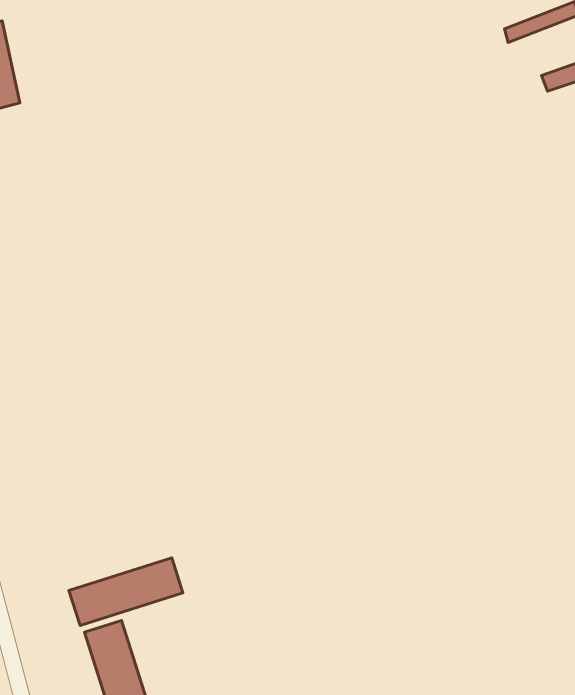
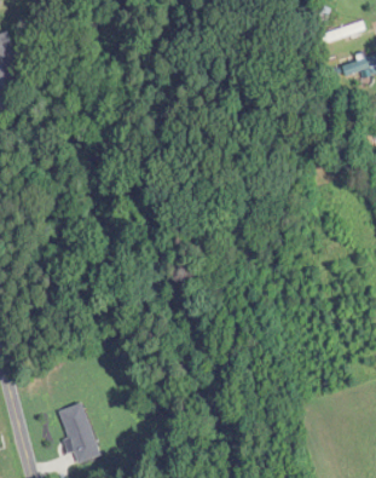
building: [69,558,183,625] -> none

